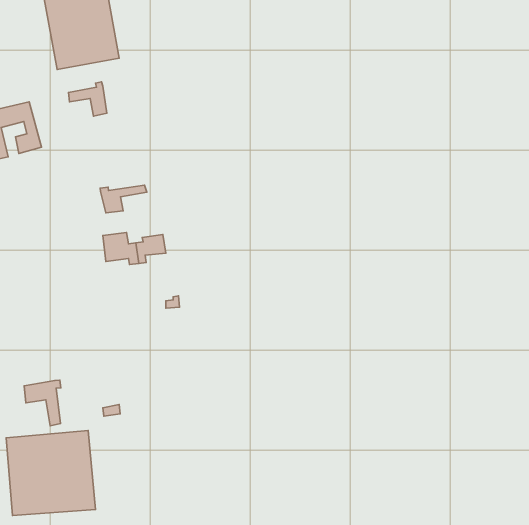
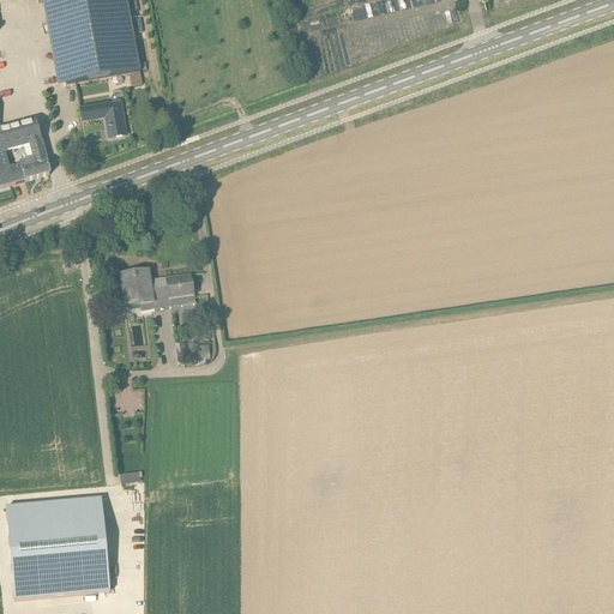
building: [100,185,147,213] -> none
building: [24,380,61,426] -> none

